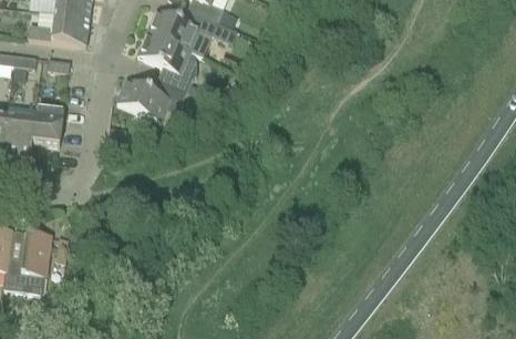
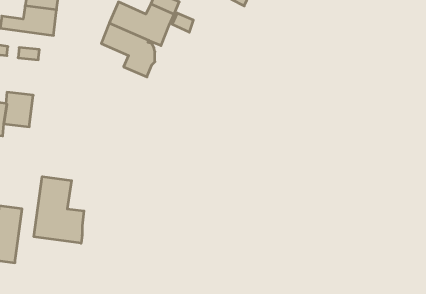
building: [116,76,187,119] -> none
building: none -> [34,177,84,243]

